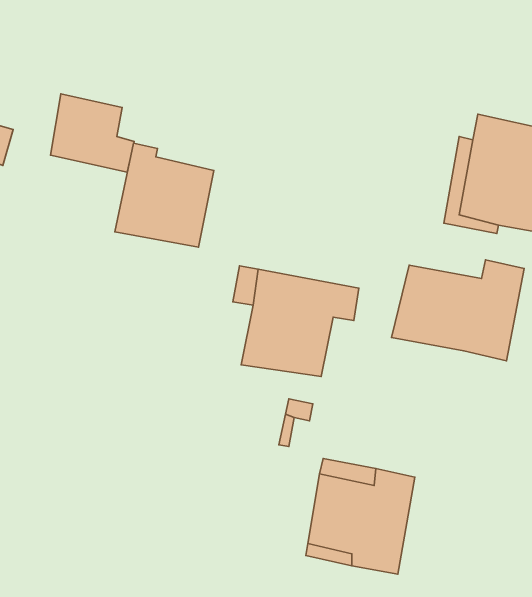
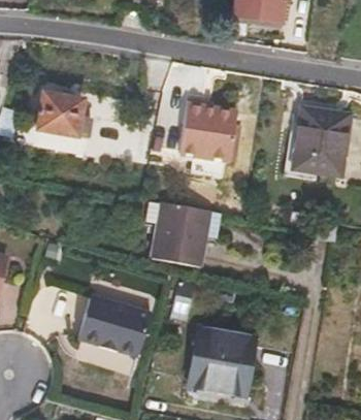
building: [115,143,214,247] -> [177,91,237,154]
building: [392,260,524,361] -> none
building: none -> [77,294,146,354]

